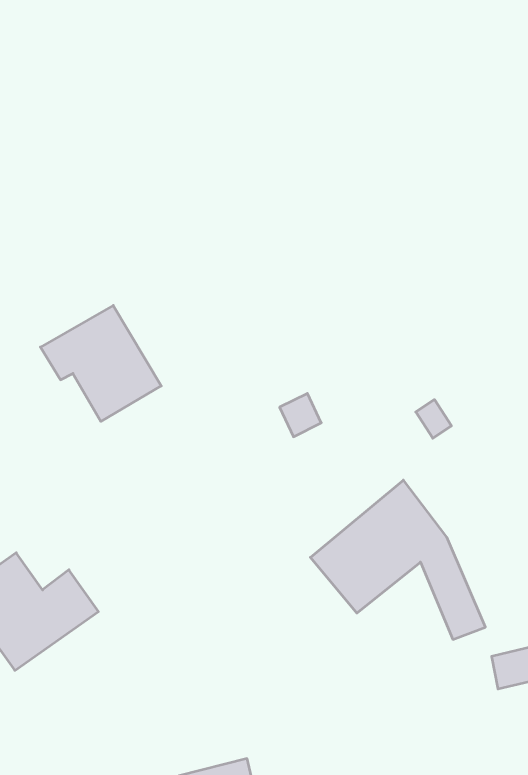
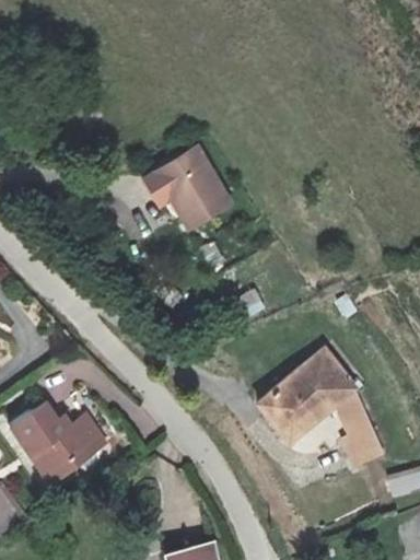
building: [40,305,161,421] -> [143,149,229,231]

